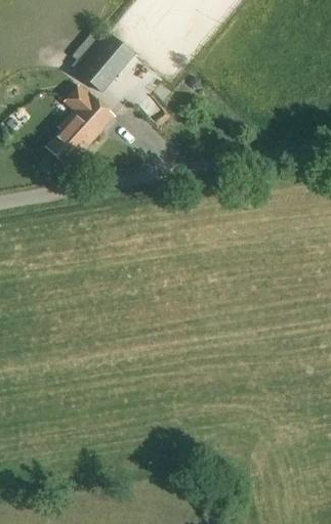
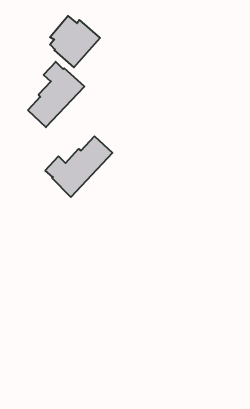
building: none -> [45,136,112,197]

